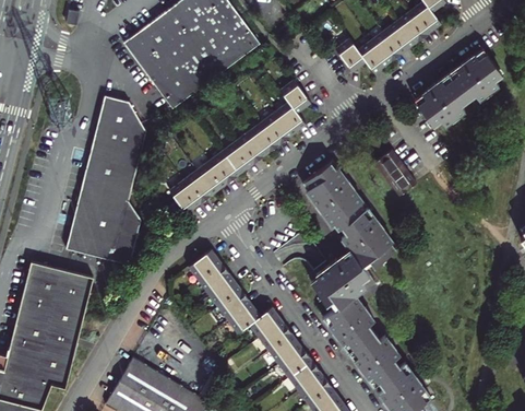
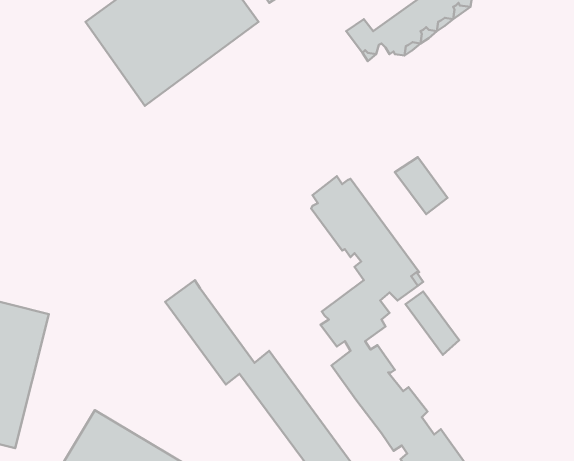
building: [414,50,501,127] -> none
building: [167,80,309,220] -> none
building: [70,96,152,265] -> none
building: none -> [406,291,459,355]

